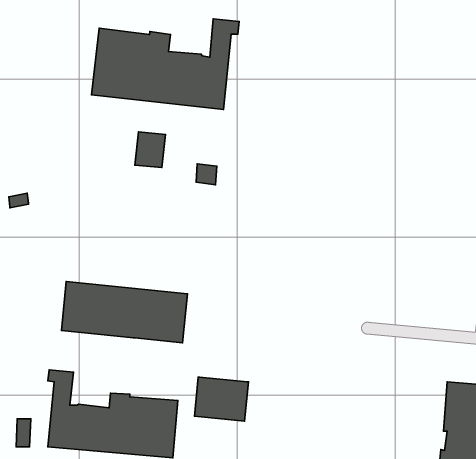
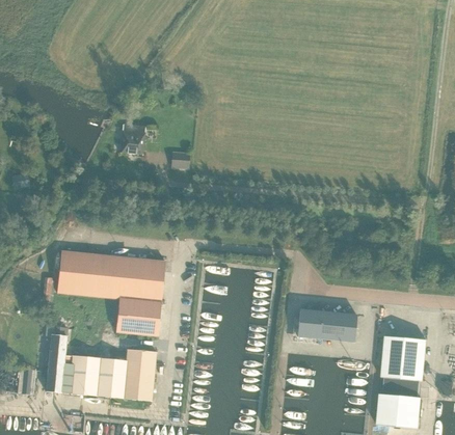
building: [92,19,239,110] -> none
building: none -> [297,308,356,341]
building: [194,377,248,421] -> [115,298,161,335]

